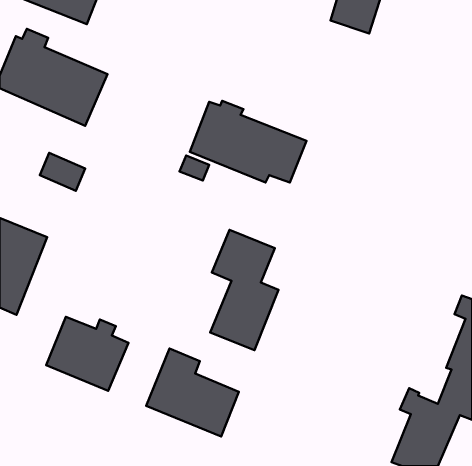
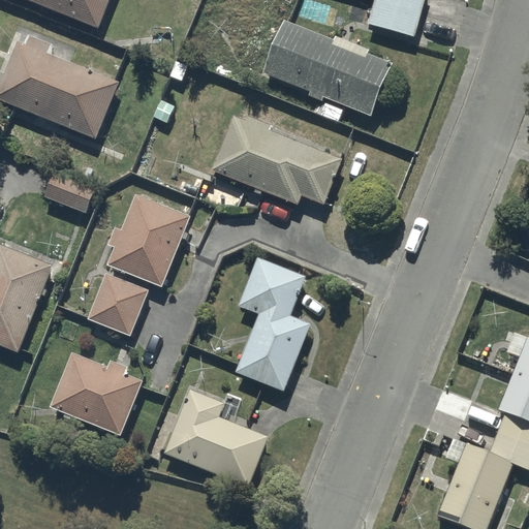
building: none -> [262,18,392,119]
building: none -> [107,195,190,286]
building: none -> [87,272,147,334]

